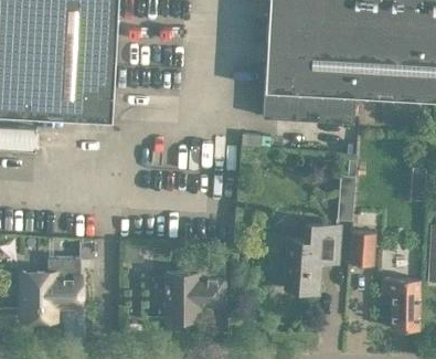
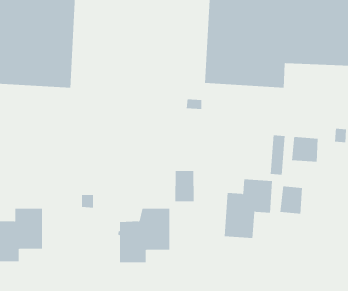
building: none -> [291,136,318,163]
building: none -> [175,170,194,202]
building: [381,279,417,330] -> none

